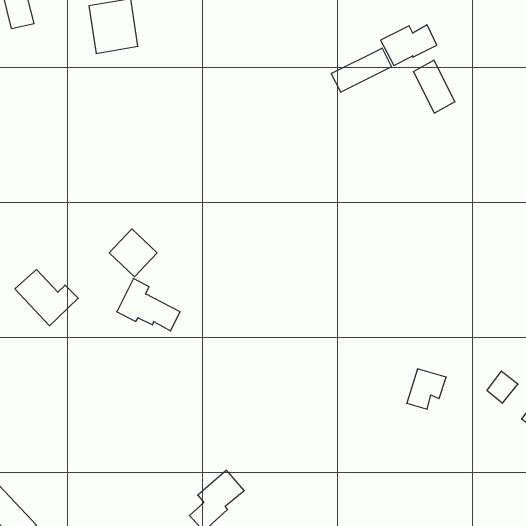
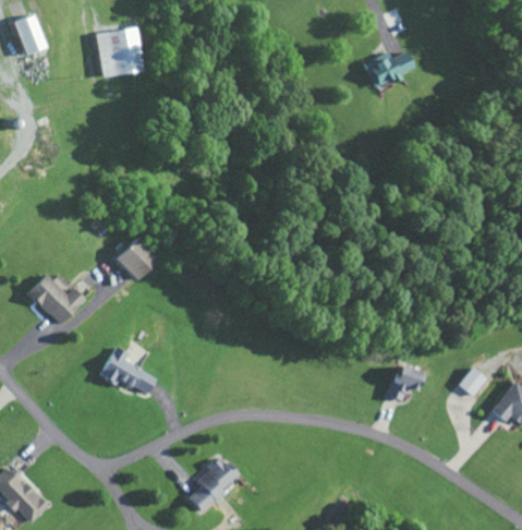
building: [331,48,392,92] -> none
building: [414,60,455,113] -> none
building: [117,278,180,331] -> [99,347,157,395]

